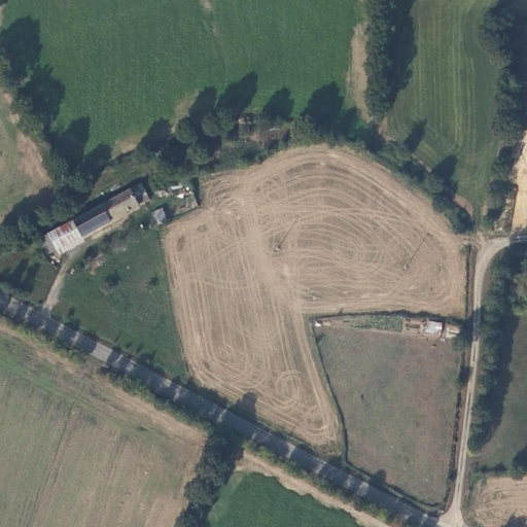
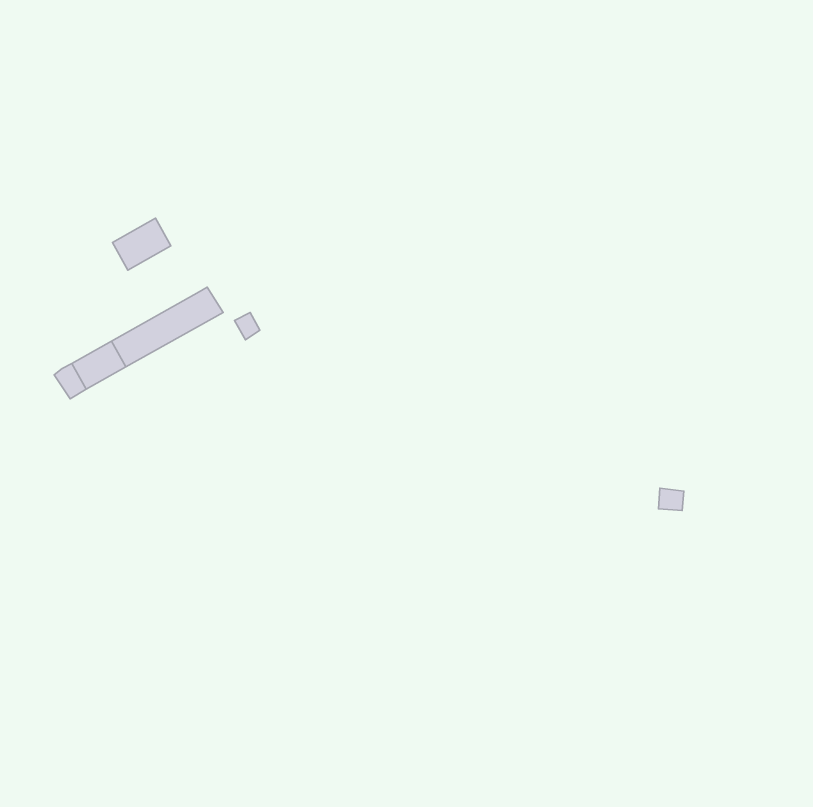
building: none -> [112,218,171,270]

